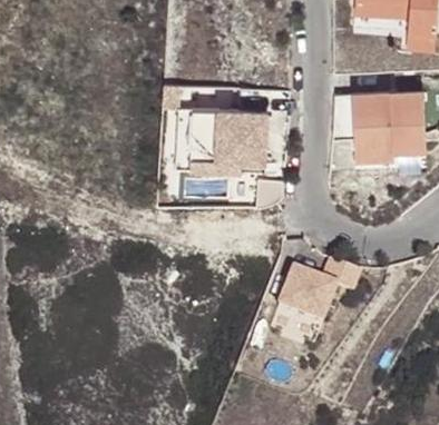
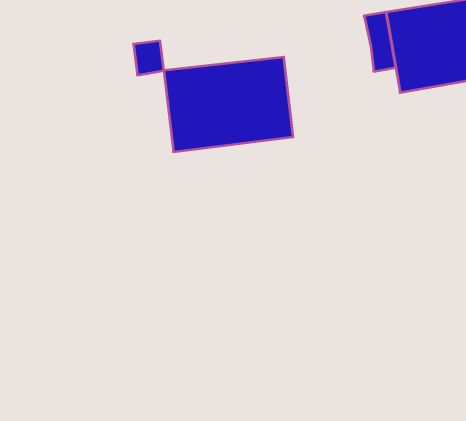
building: [271,264,354,327] -> none

